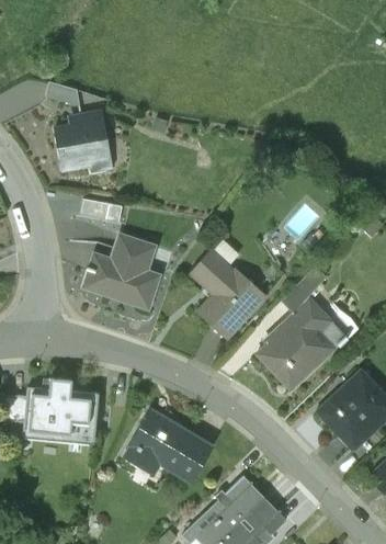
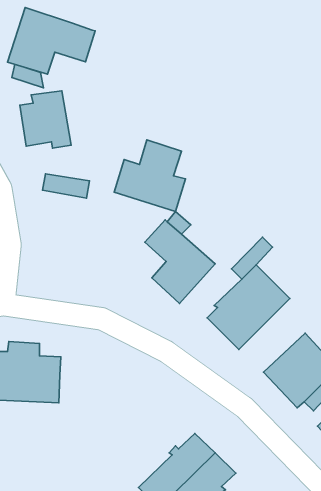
building: none -> [8,8,95,74]
building: [83,233,160,309] -> [114,140,186,212]
building: [124,410,214,484] -> none

